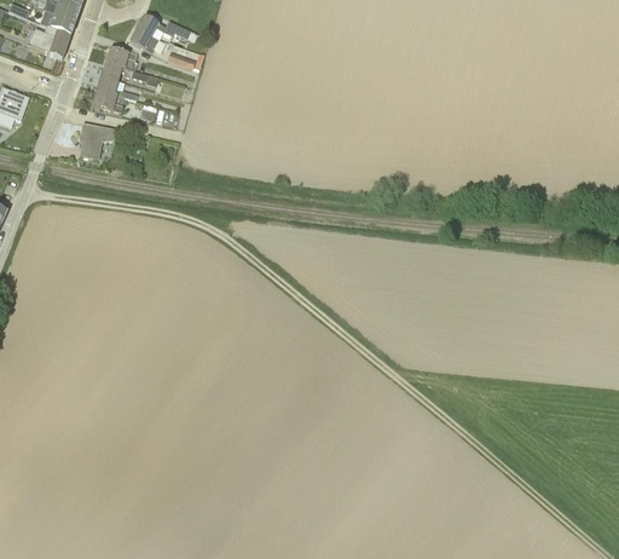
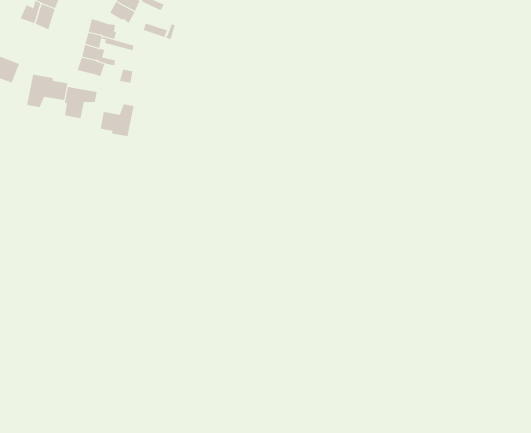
building: none -> [27,74,68,108]
building: none -> [100,104,134,137]

